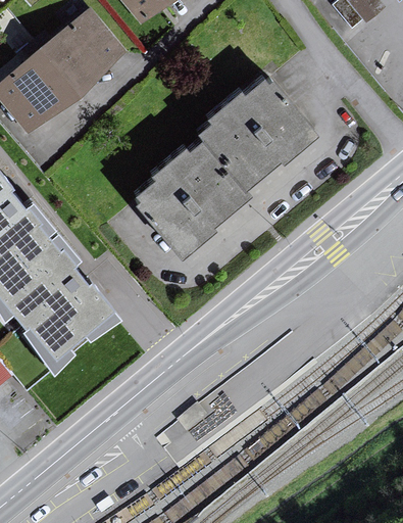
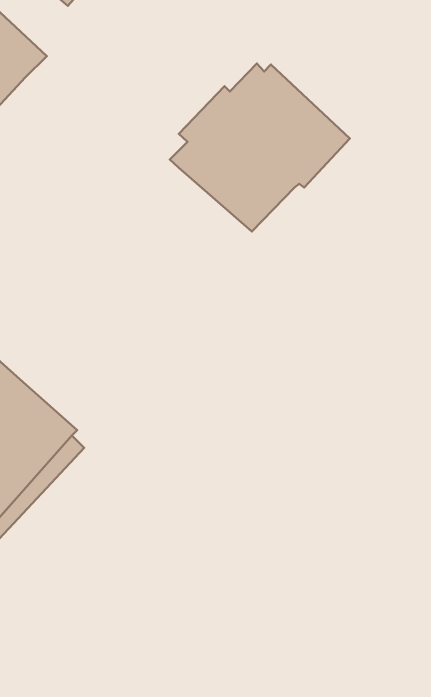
building: [136,139,252,257] -> none

